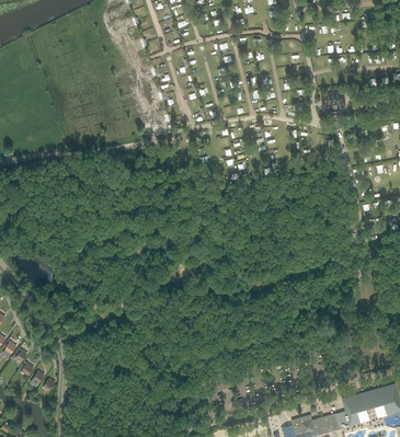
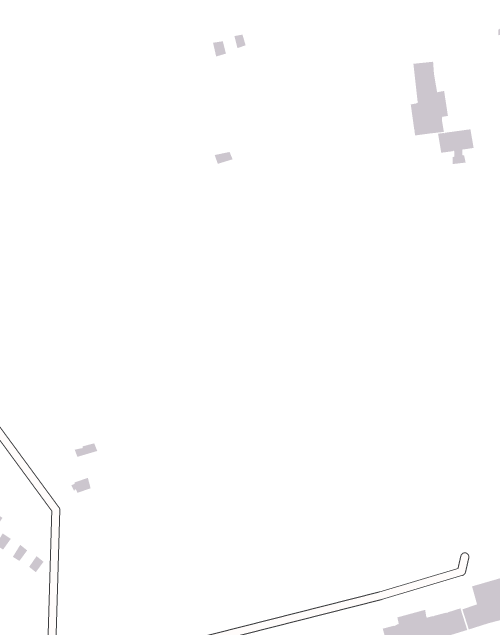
building: none -> [410,61,448,136]

